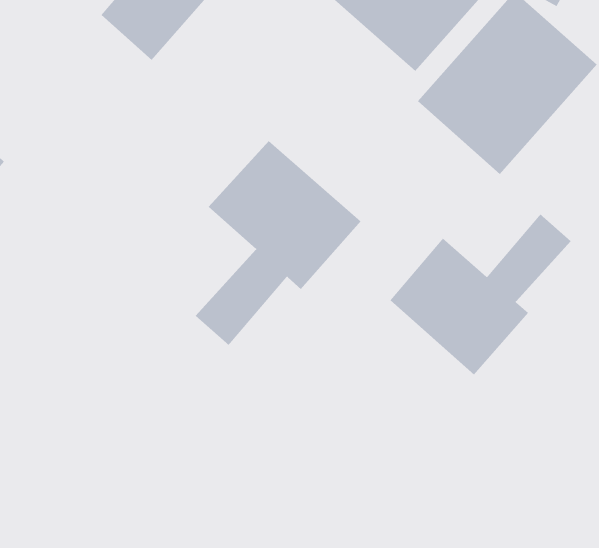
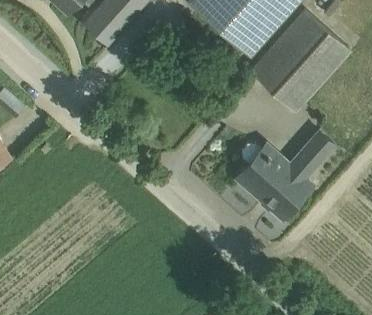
building: [195,140,361,346] -> none

